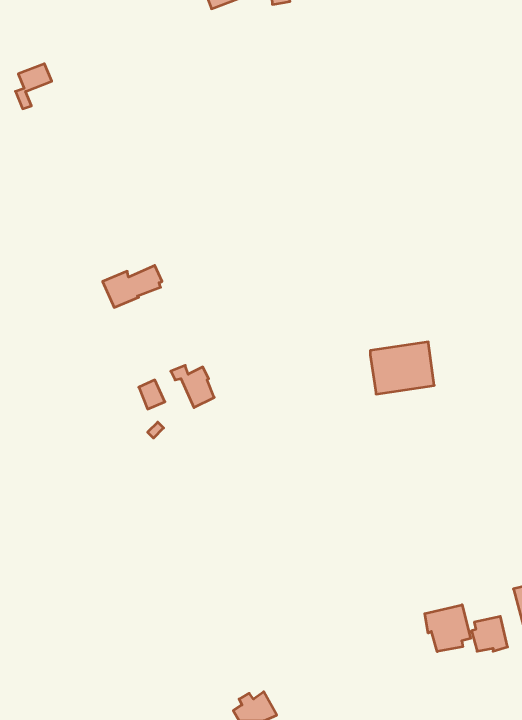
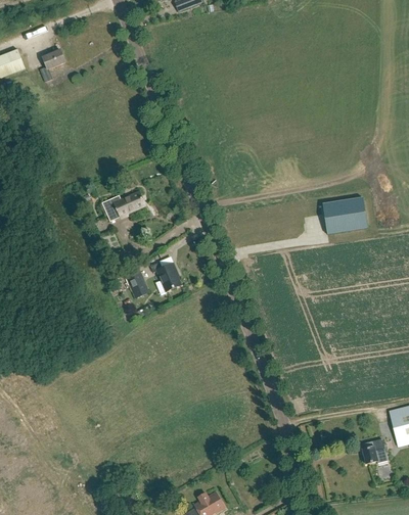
building: [370,342,434,394] -> [323,196,368,233]
building: [425,605,471,652] -> none

